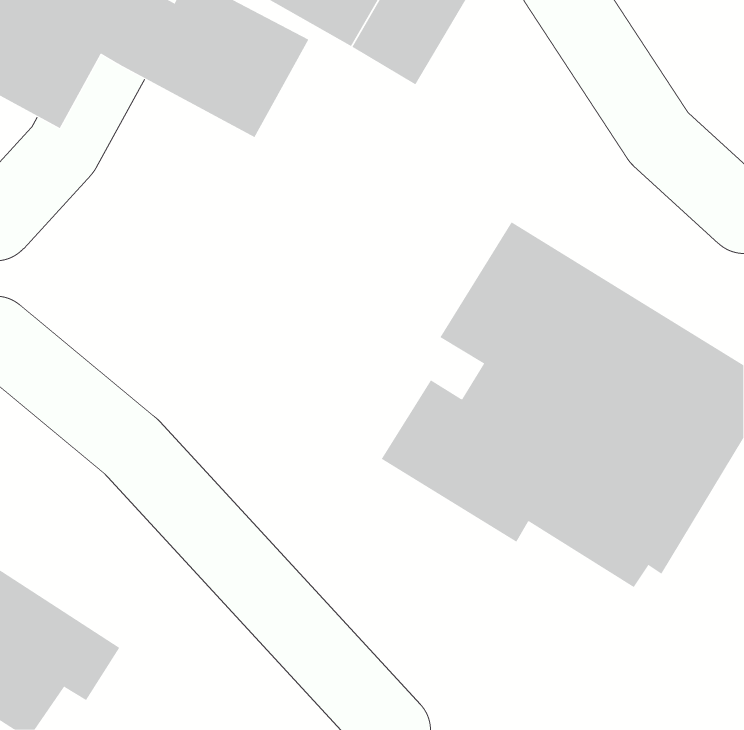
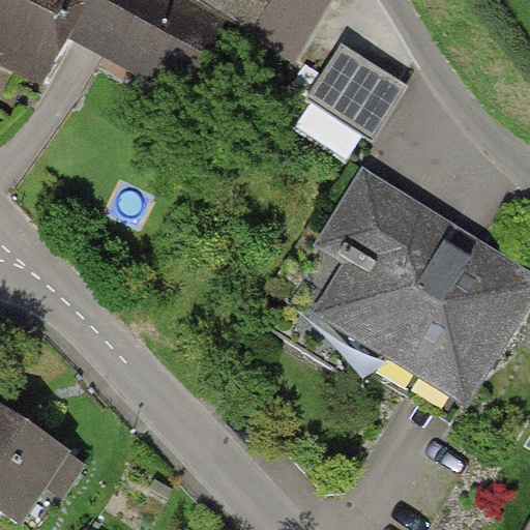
building: none -> [304,38,408,137]

